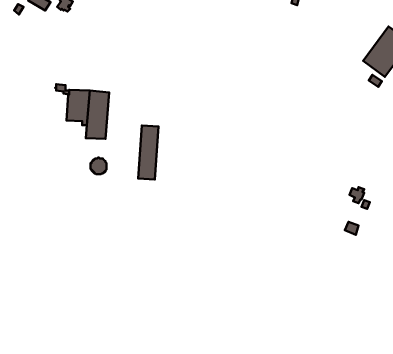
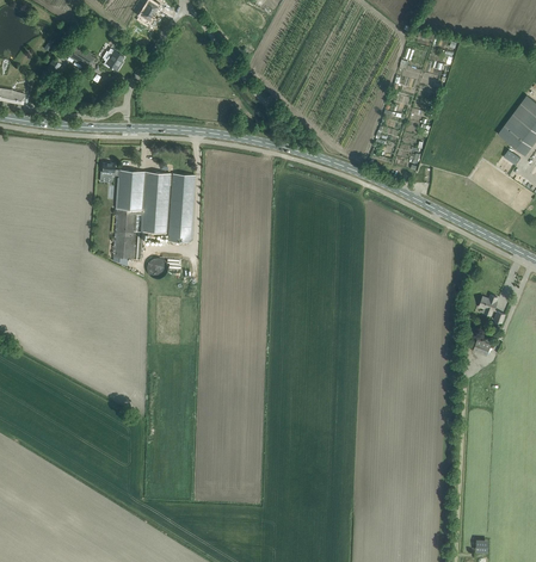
building: none -> [113,210,136,259]
building: [138,125,159,179] -> [168,174,195,243]

